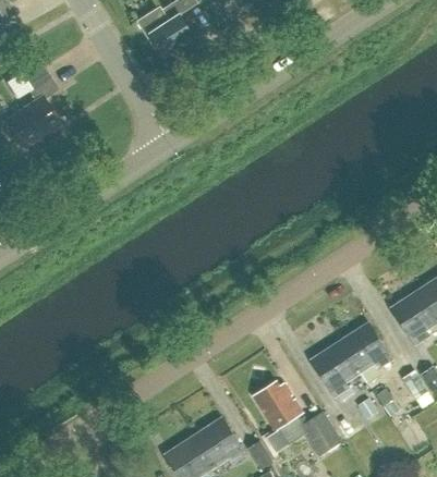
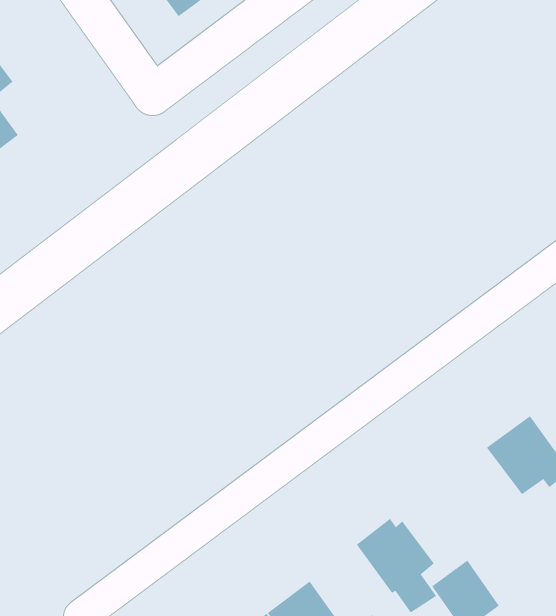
building: [312,340,361,395] -> none

